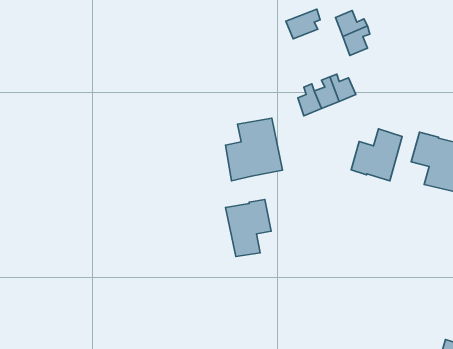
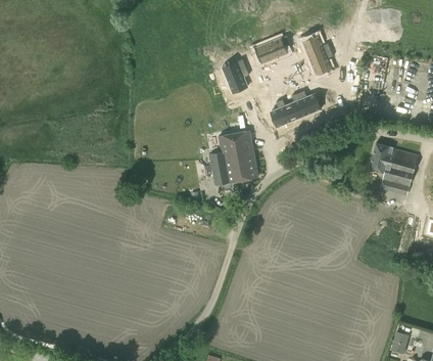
building: none -> [224,59,249,93]
building: [351,129,402,181] -> none
building: [226,200,271,257] -> none

